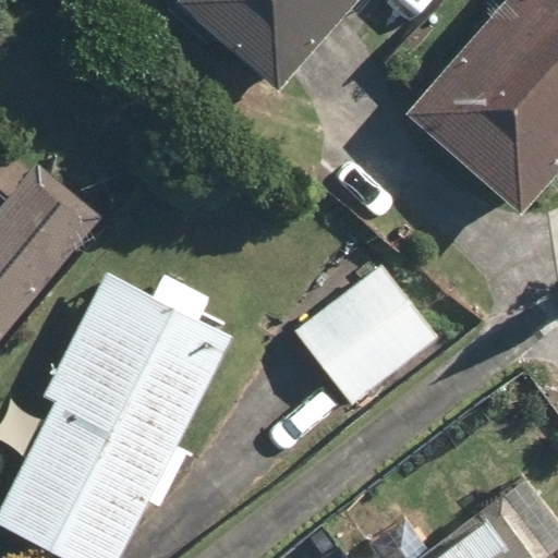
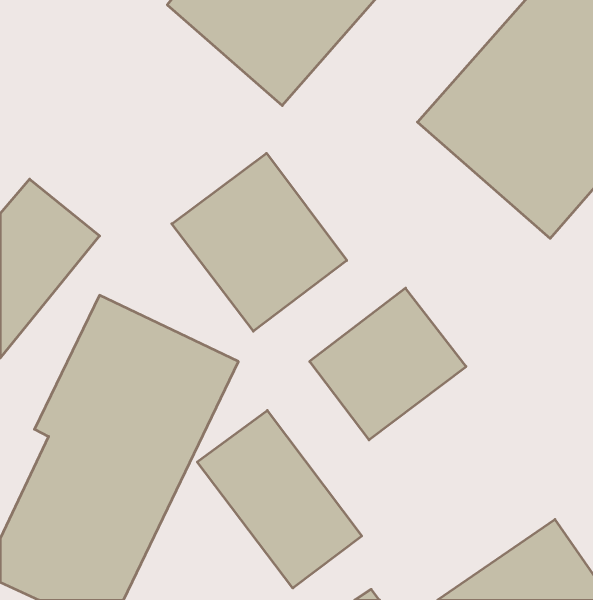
building: none -> [172,153,347,331]
building: none -> [197,410,362,588]

